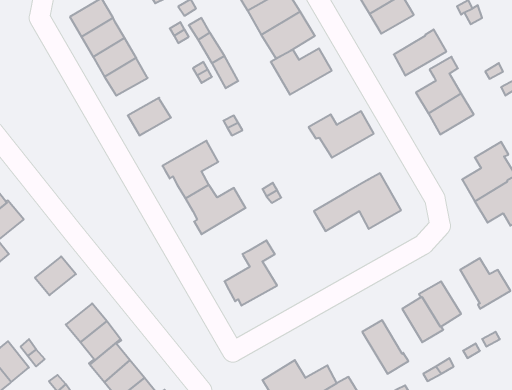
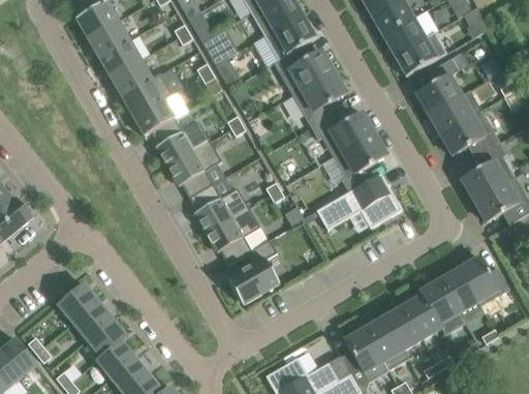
building: none -> [382,17,426,56]
building: none -> [292,71,346,127]
building: none -> [122,72,173,116]
building: none -> [440,115,500,157]
building: none -> [152,118,211,165]
building: none -> [334,133,387,191]
building: none -> [206,207,260,265]
building: [35,256,76,295] -> [58,283,98,322]
building: none -> [441,268,479,311]
building: none -> [383,306,423,351]
building: none -> [344,329,388,382]

